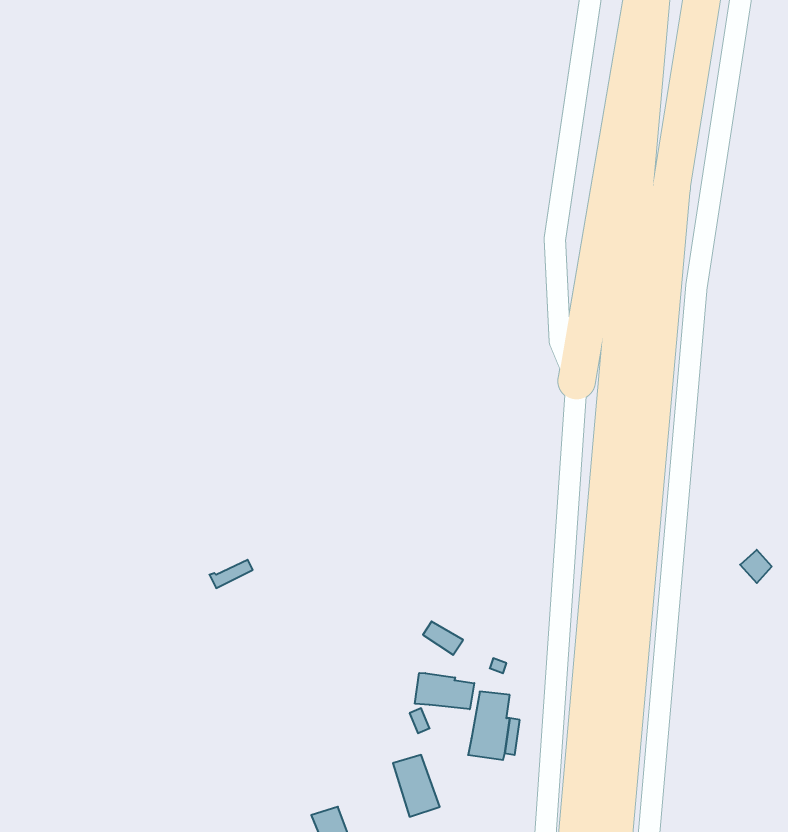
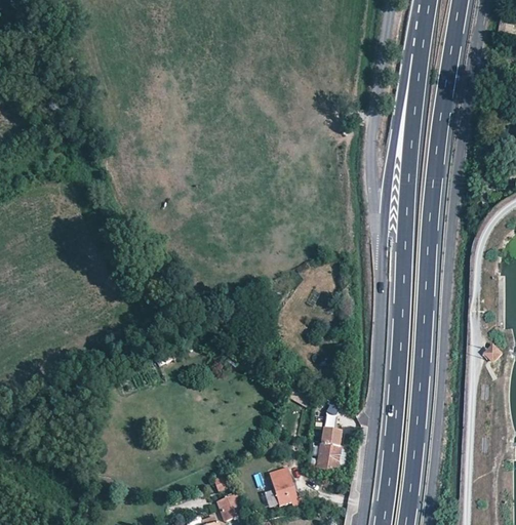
building: [415,673,474,709] -> none

